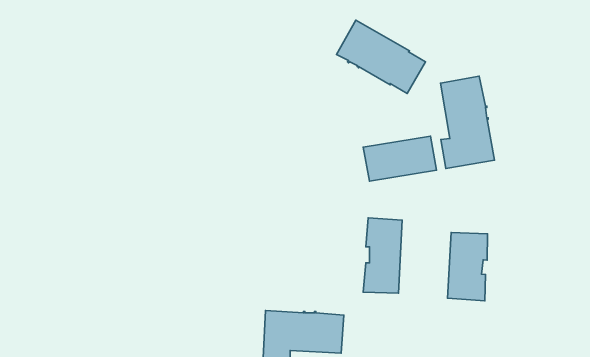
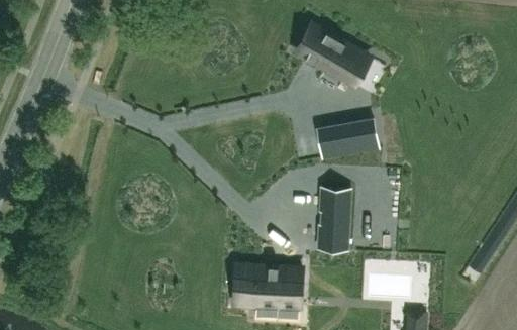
building: [441,76,494,168] -> none
building: [447,233,488,301] -> none

